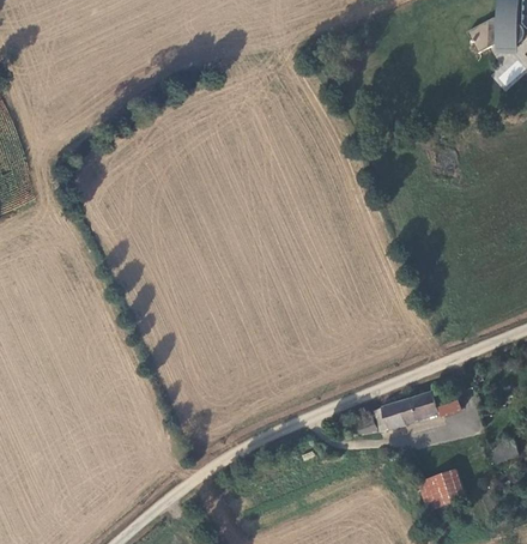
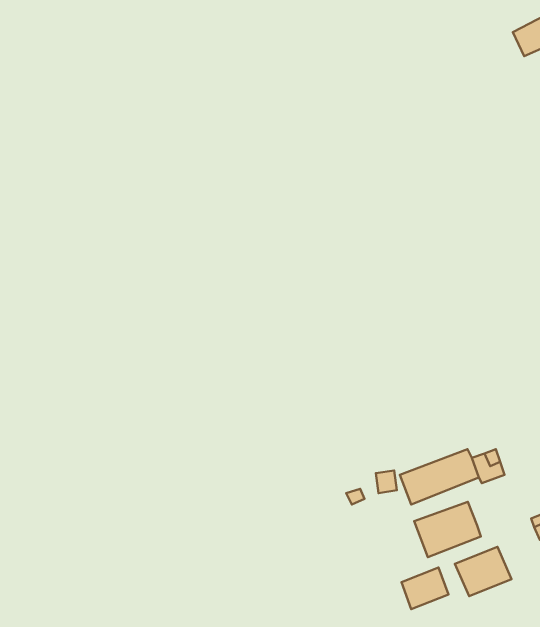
building: none -> [414,502,481,557]
building: none -> [401,567,448,609]

